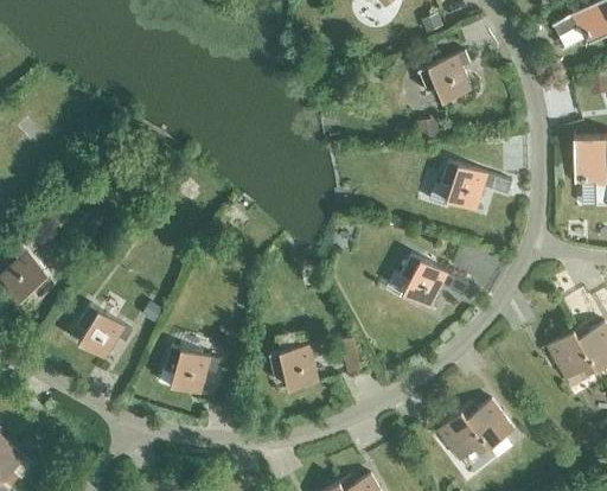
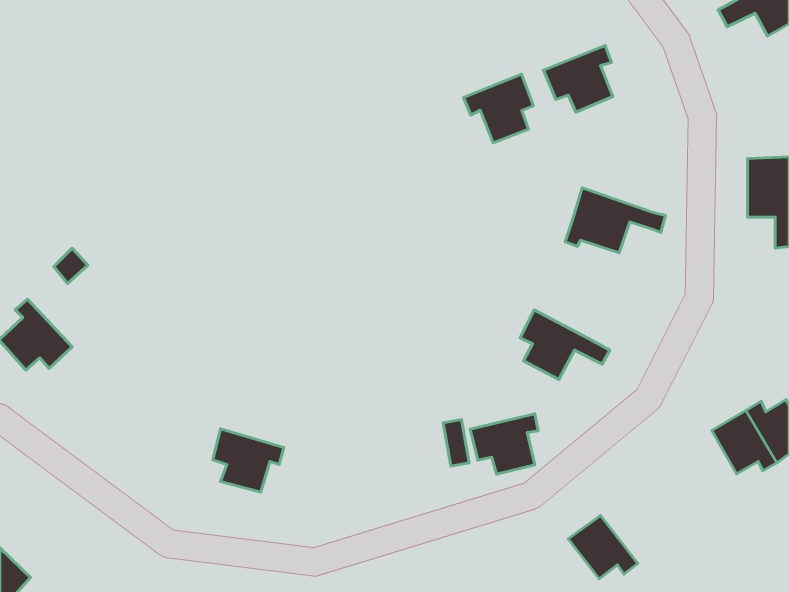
building: none -> [463,74,533,143]
building: [76,305,132,359] -> none
building: [268,343,320,389] -> [470,414,538,474]
building: [461,400,513,448] -> none

